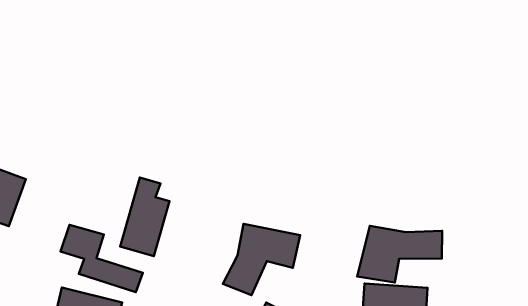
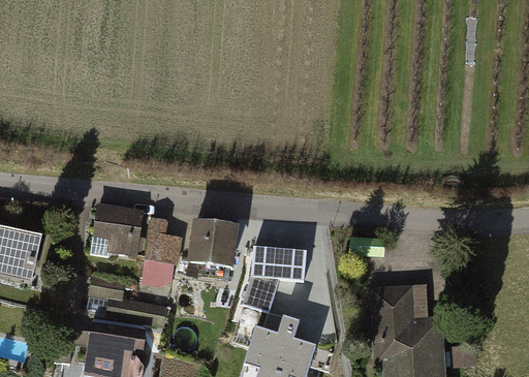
building: none -> [92,207,142,255]
building: none -> [190,224,238,270]
building: [357,226,442,283] -> none

